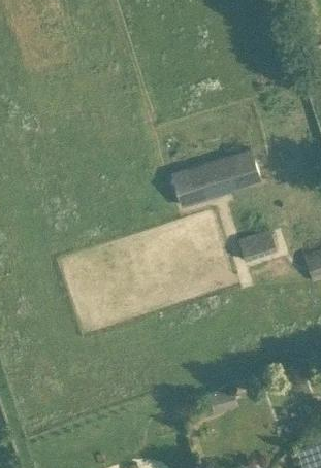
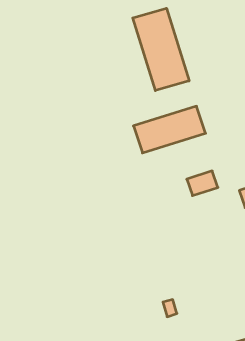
building: none -> [133,8,189,91]

